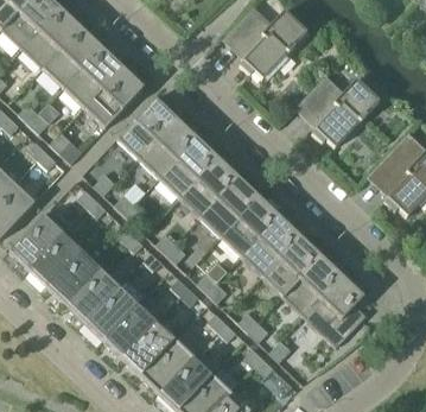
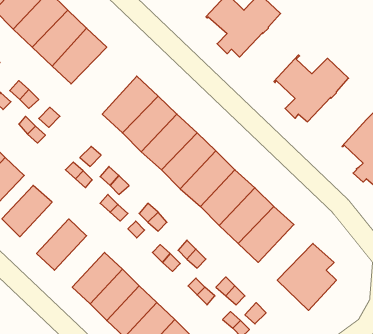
building: [84,66,144,127] -> none
building: [30,232,82,286] -> none
building: [284,255,342,315] -> none
building: [66,267,120,322] -> none

